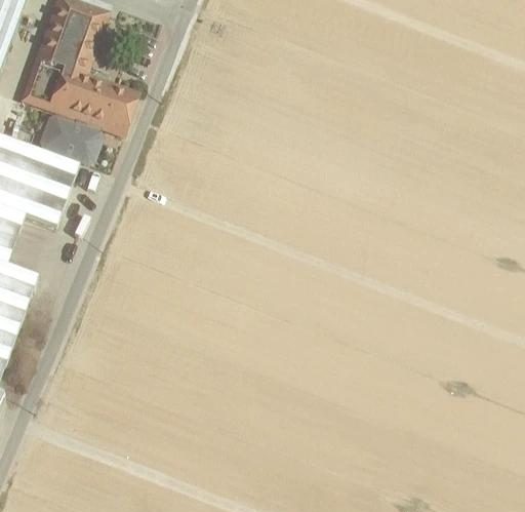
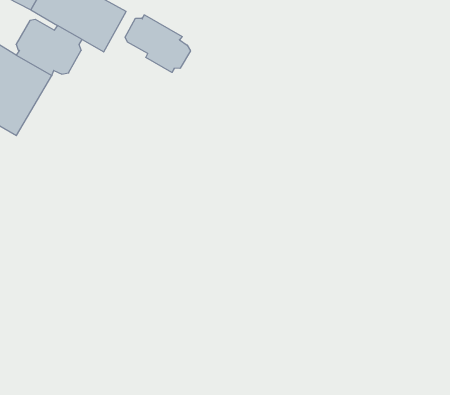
building: none -> [125,15,190,72]

